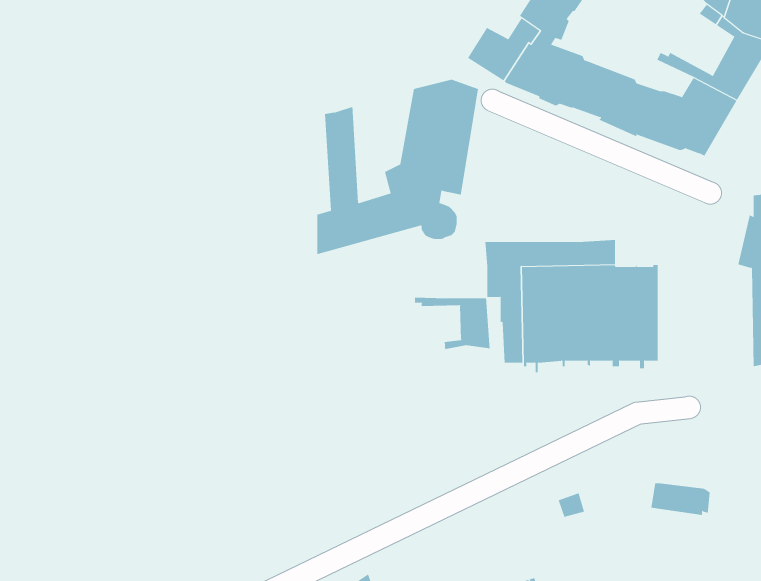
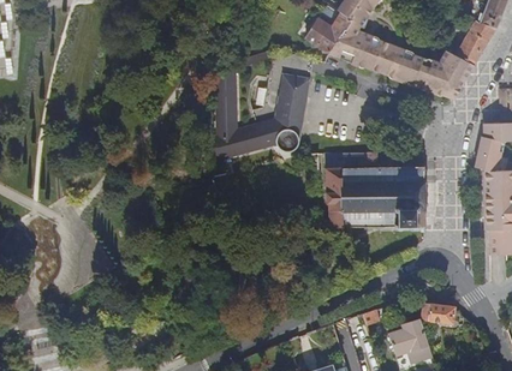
building: [414,297,490,350] -> none
building: none -> [388,319,429,355]

